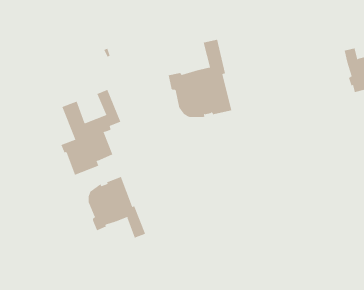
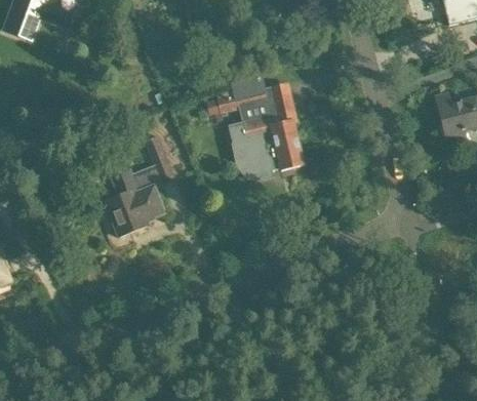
building: none -> [206,70,267,112]
building: [88,176,146,238] -> none

